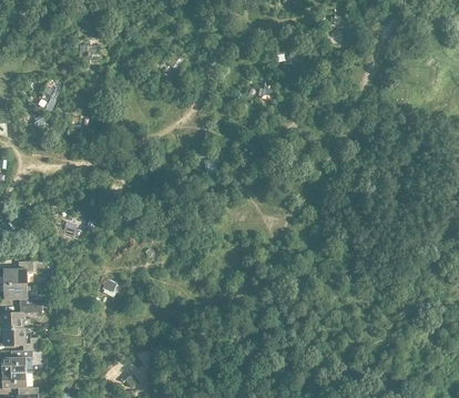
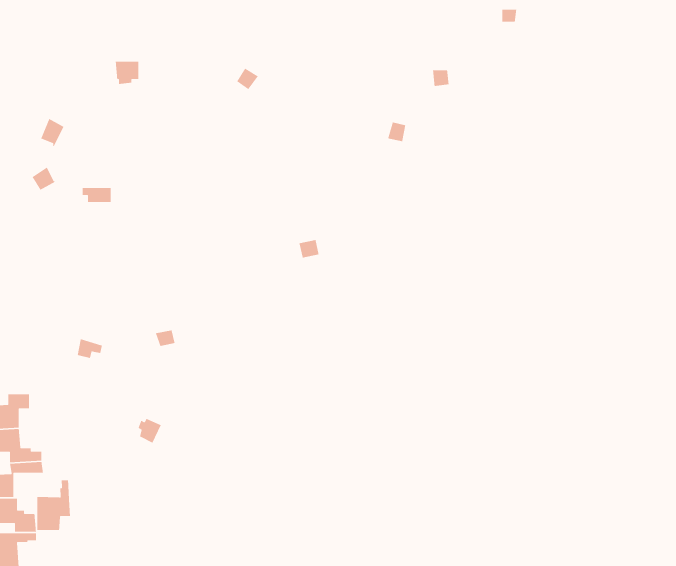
building: none -> [37,479,71,531]

